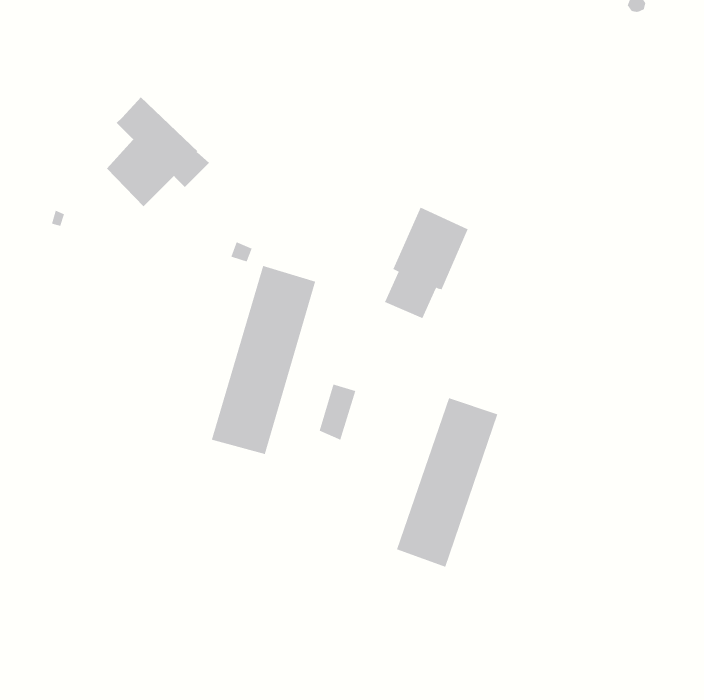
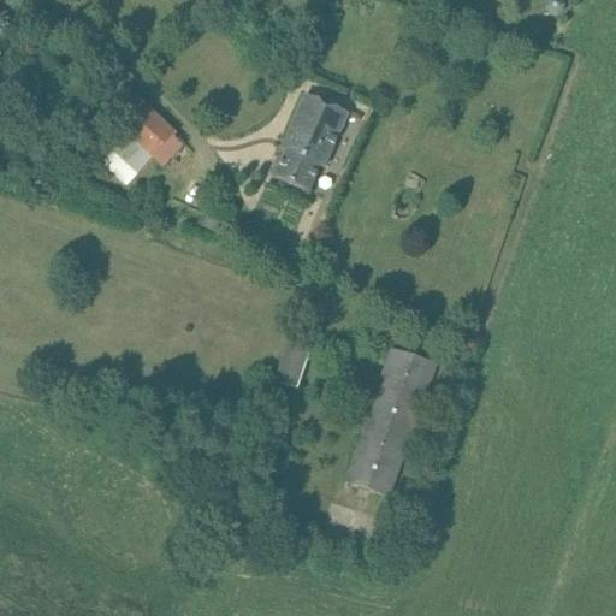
building: [384,207,468,319] -> [274,91,348,189]
building: [211,265,316,455] -> none

